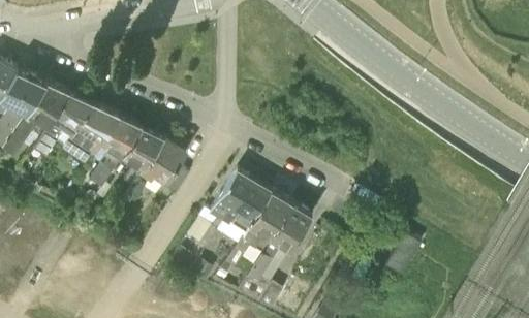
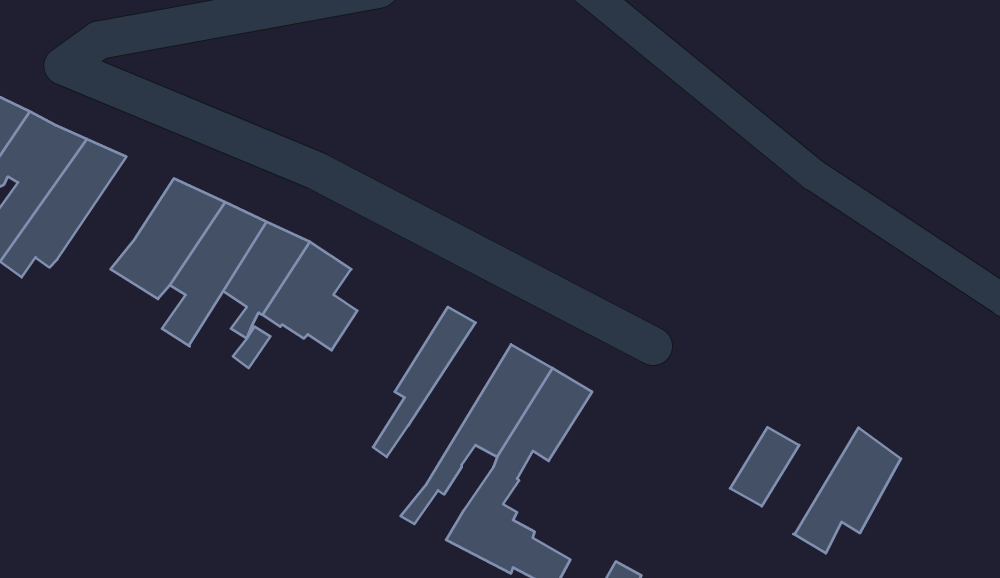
building: [27,92,92,154] -> none
building: [215,179,269,245] -> none
building: none -> [793,428,901,553]

